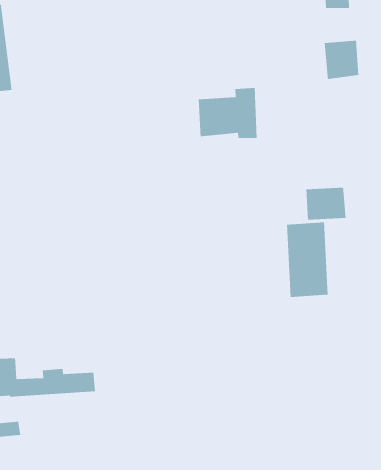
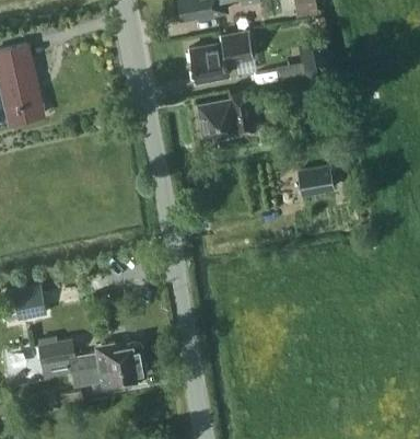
building: none -> [188,34,250,83]
building: [286,221,328,298] -> none
building: none -> [71,360,144,389]

